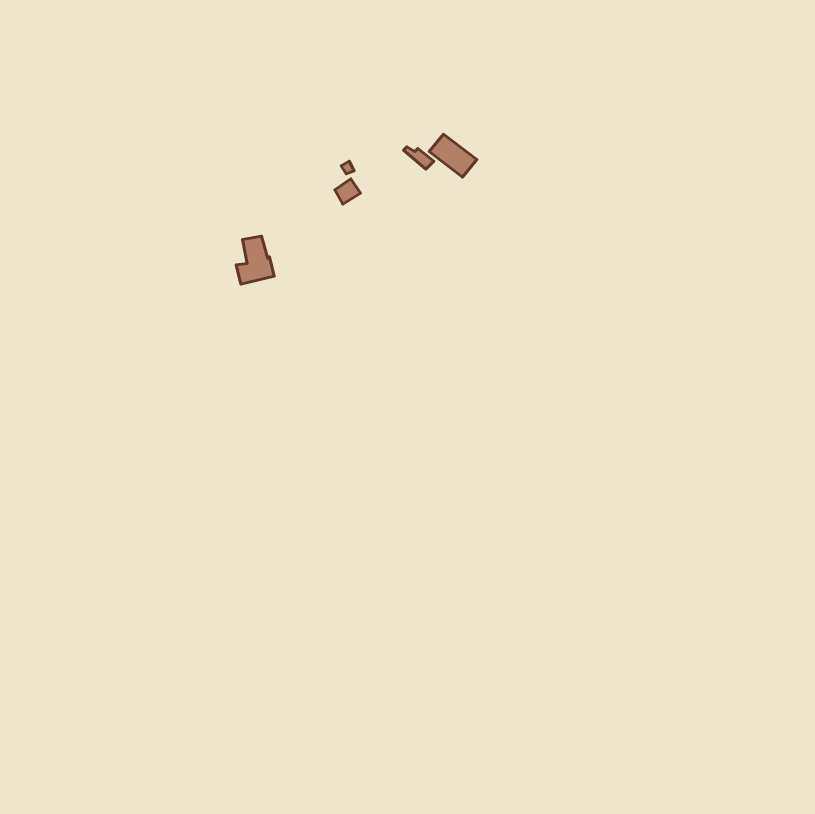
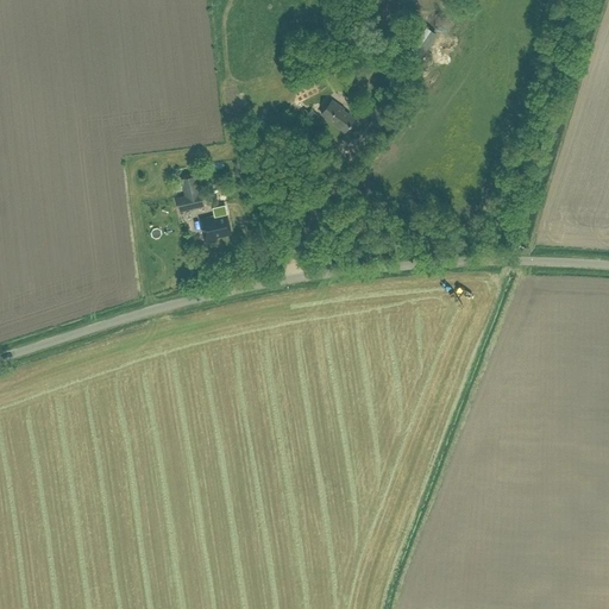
building: none -> [201,214,231,243]

